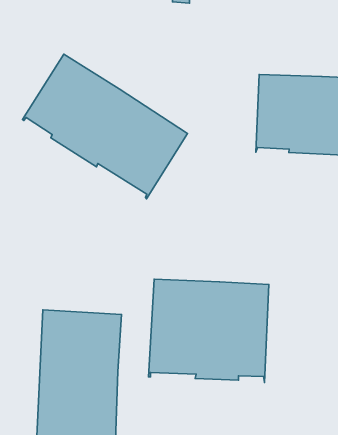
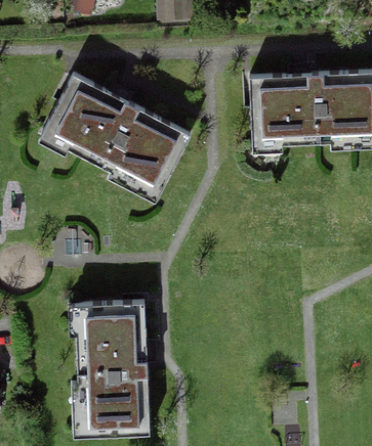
building: [149,279,269,382] -> none

